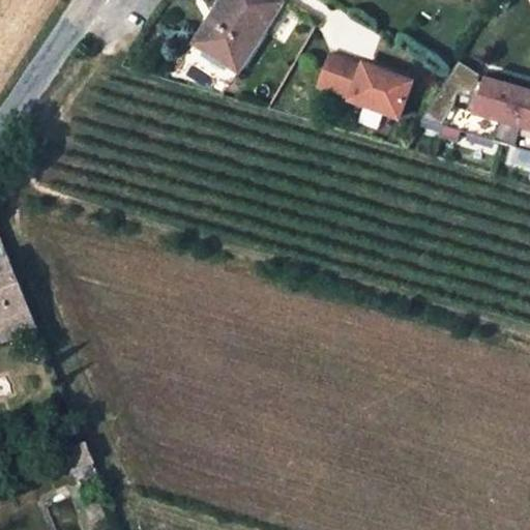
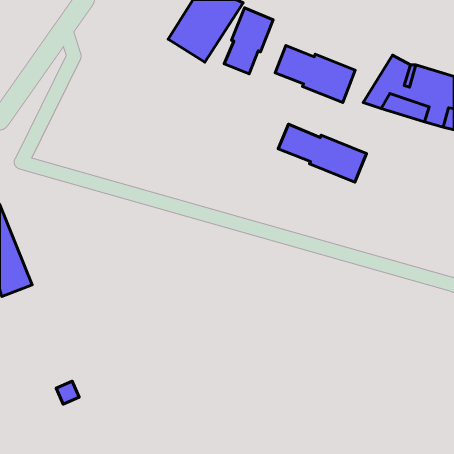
building: none -> [224,8,273,74]
building: none -> [278,124,367,182]

